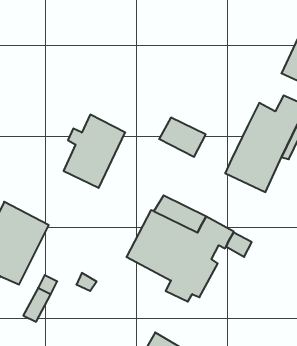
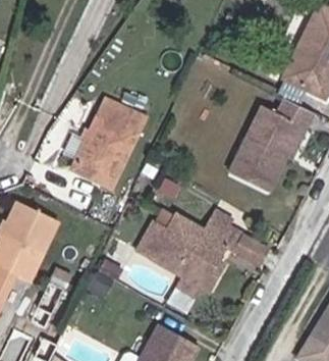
building: [159,118,206,157] -> [102,97,147,135]

